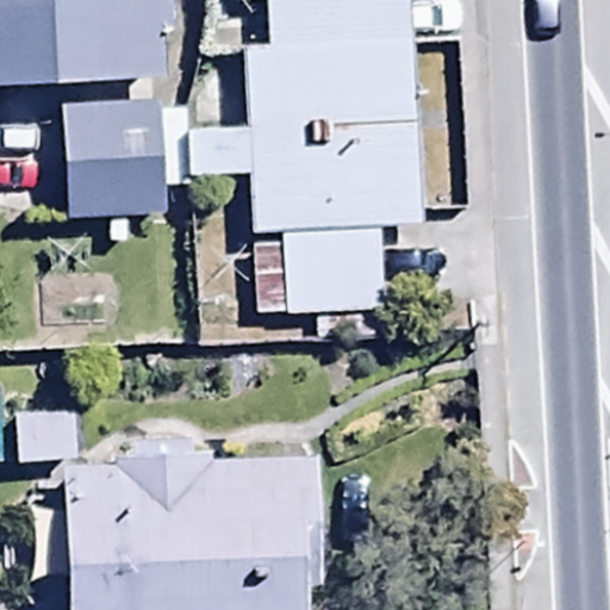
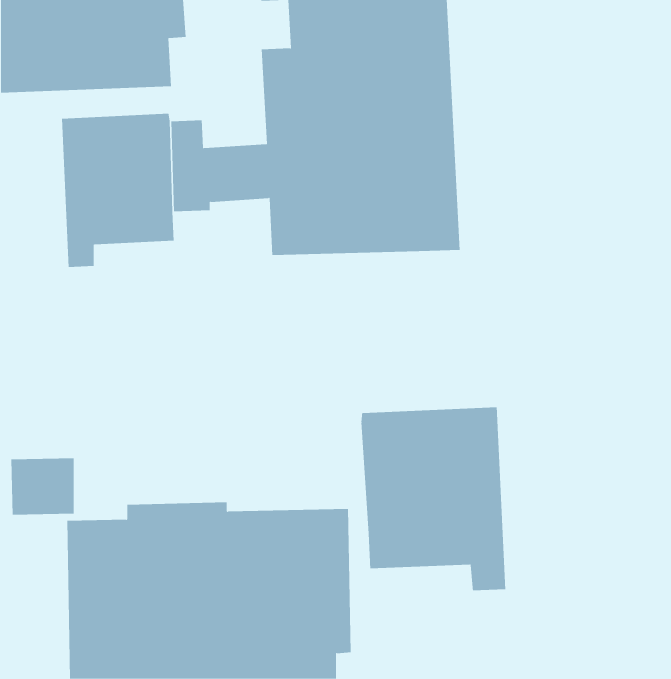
building: [251,225,430,313] -> none
building: none -> [361,407,506,591]

